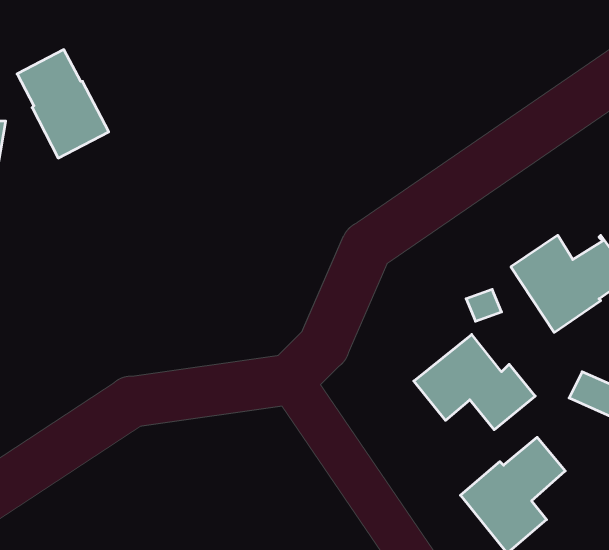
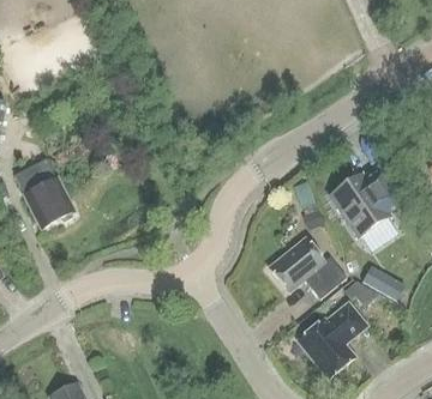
building: [17,50,109,158] -> [16,158,74,228]

